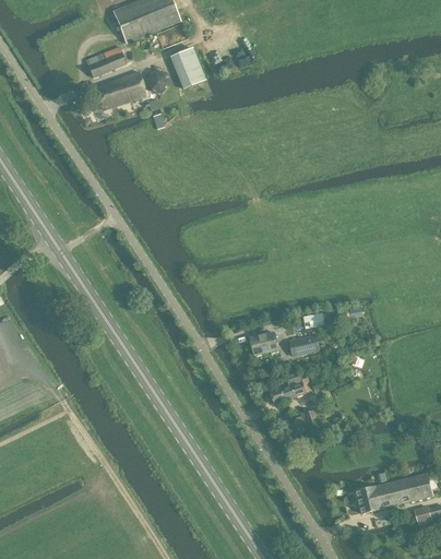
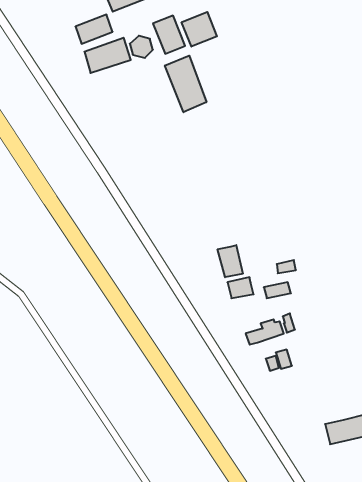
building: none -> [182,12,217,47]
building: none -> [165,56,206,112]
building: none -> [218,245,243,277]

